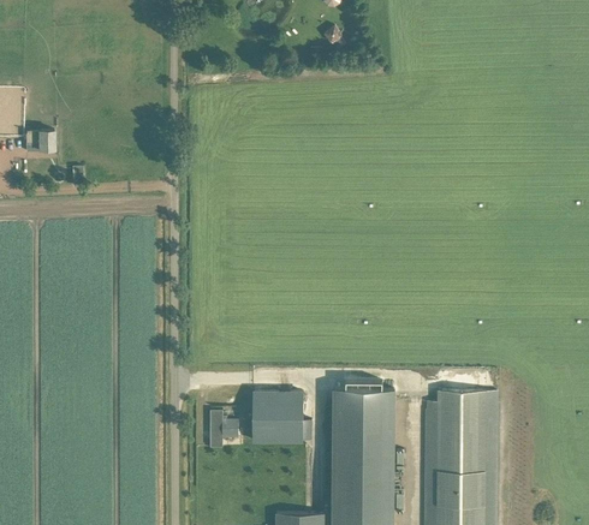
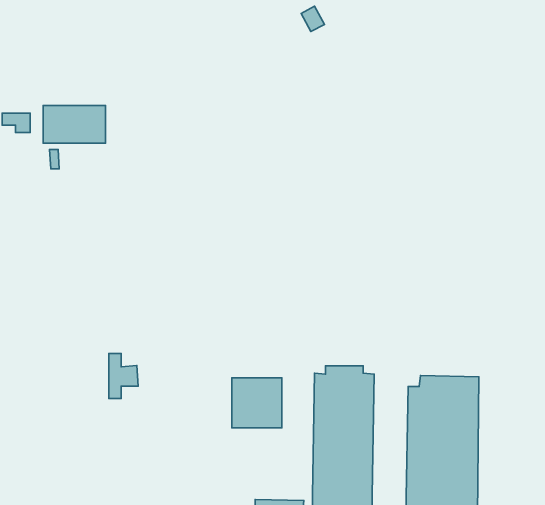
building: none -> [43,106,105,143]
building: [209,406,238,451] -> [109,353,138,398]

